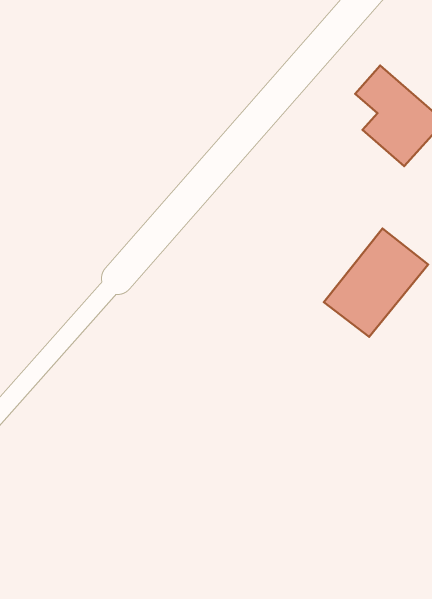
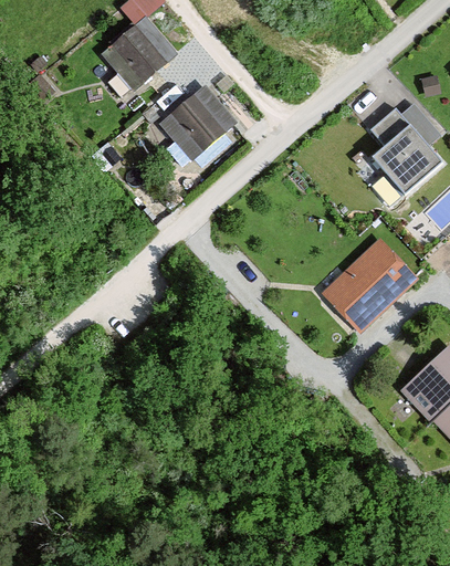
building: none -> [105,21,168,84]
building: none -> [163,95,223,156]

